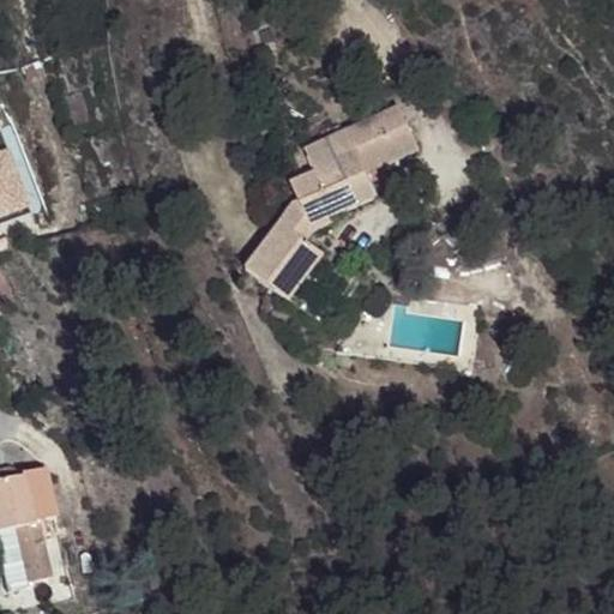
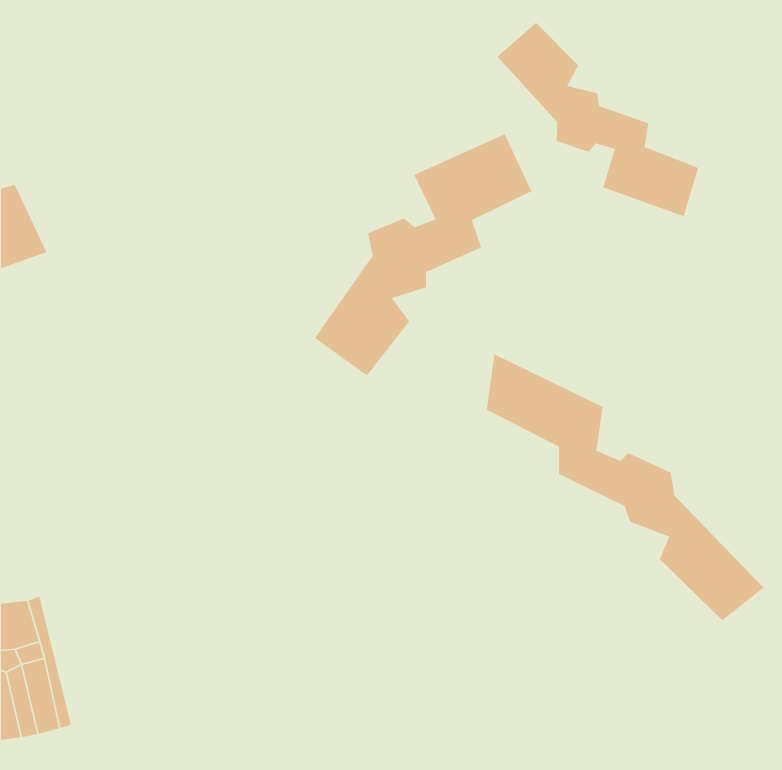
building: none -> [497,22,699,217]
building: none -> [486,353,764,621]

